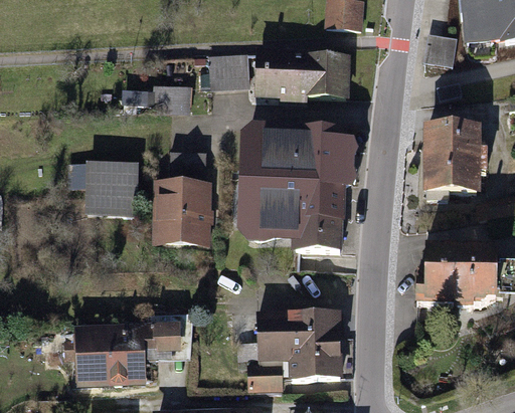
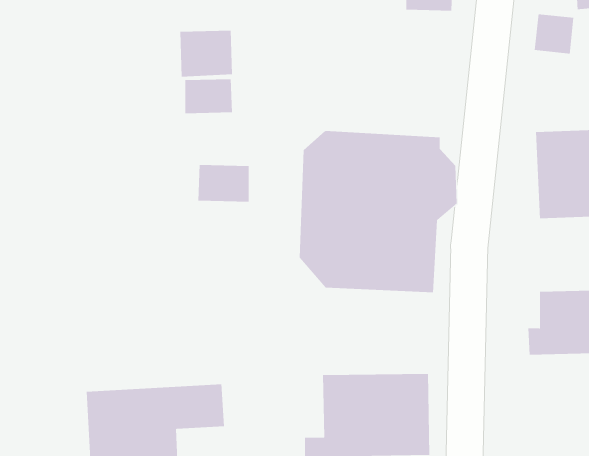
building: [254,50,347,97] -> none
building: [207,53,248,89] -> [180,30,233,77]
building: [62,164,138,218] -> none
building: [152,183,210,247] -> none

